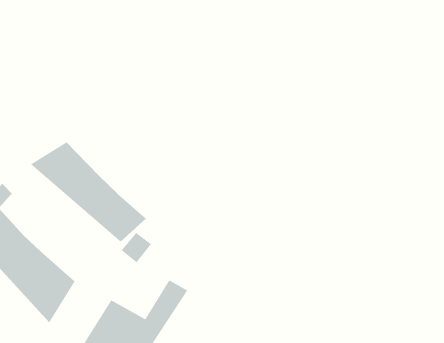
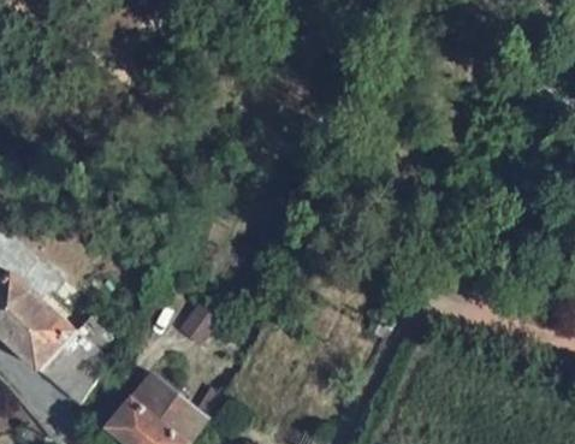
building: [30,141,147,243] -> none

